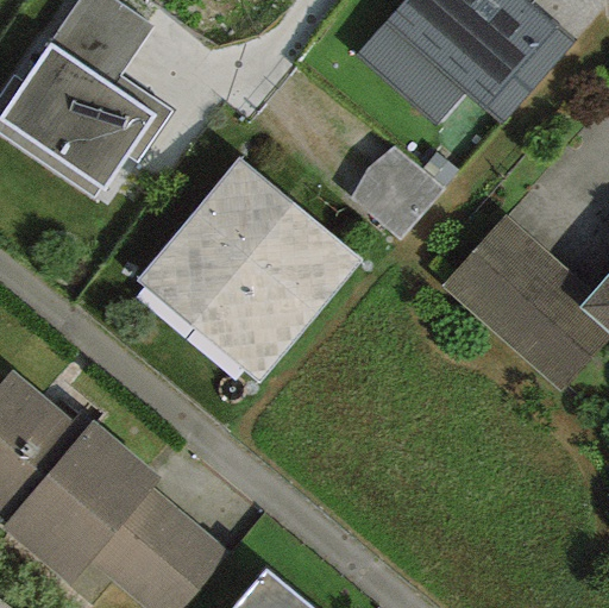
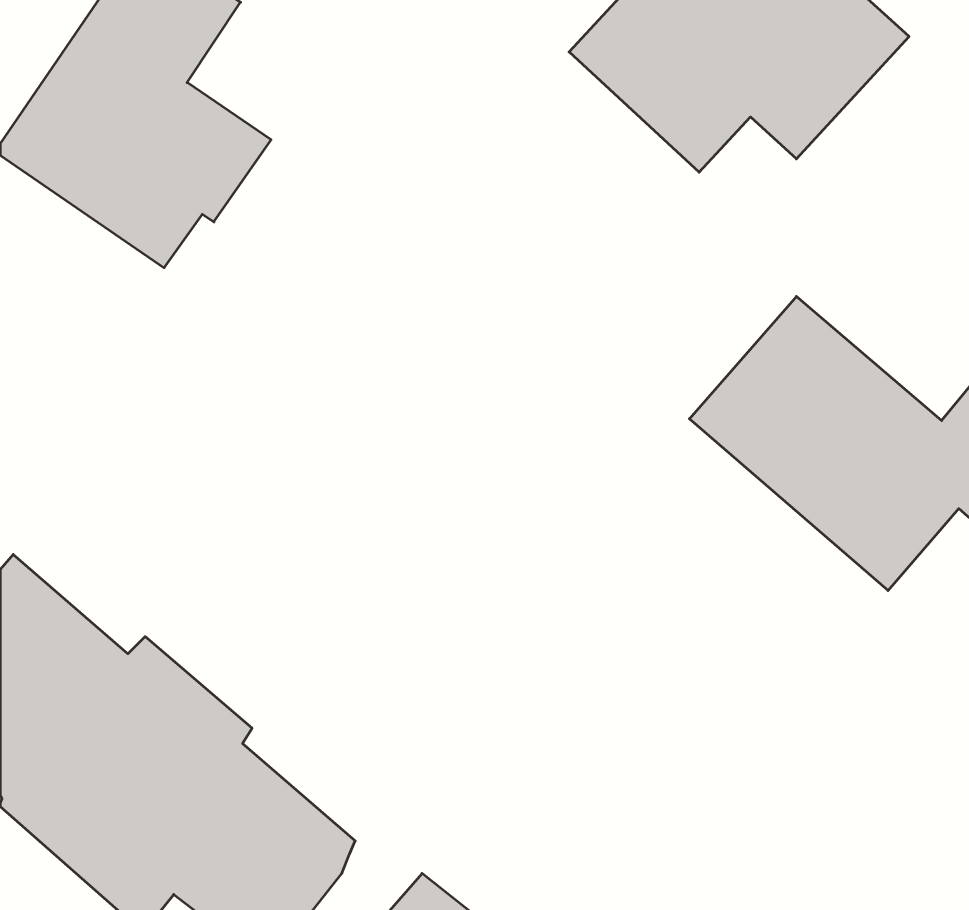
building: [352,138,446,232] -> none
building: [137,157,360,381] -> none

